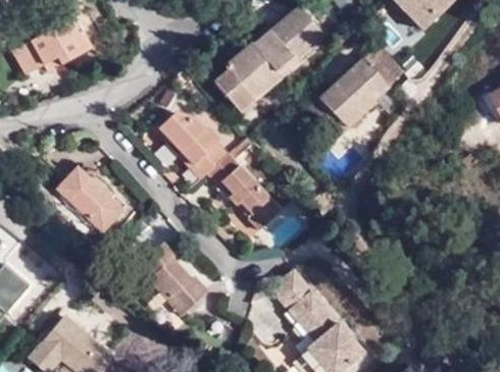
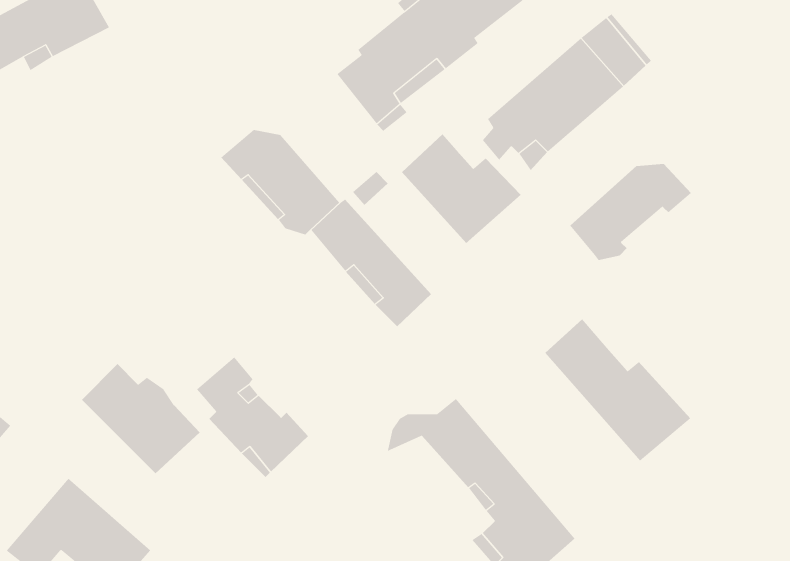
building: none -> [401,133,521,244]
building: none -> [569,163,692,261]
building: [50,164,120,229] -> [81,363,200,474]
building: none -> [544,318,691,462]

